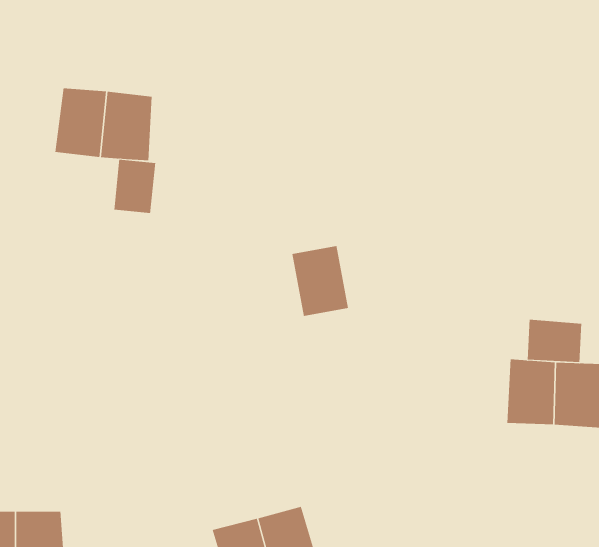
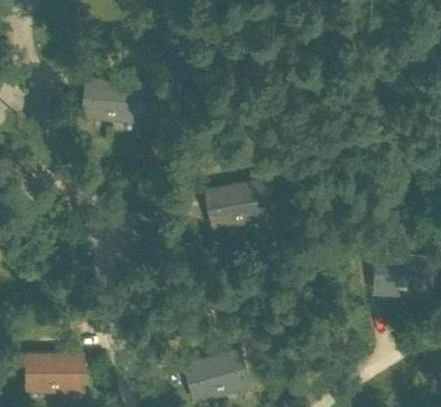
building: [114,159,156,214] -> none
building: none -> [203,185,240,231]
building: [527,319,582,363] -> none

